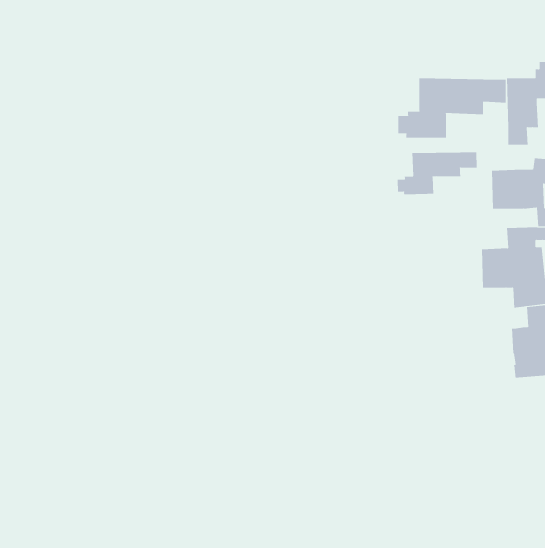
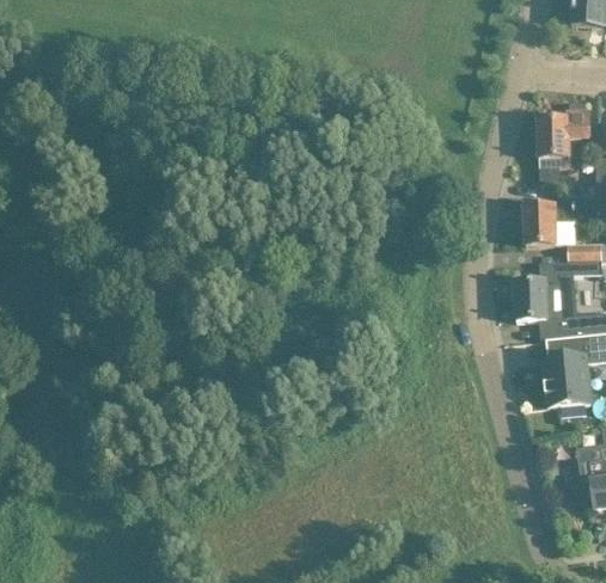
building: [398,78,506,138] -> none
building: [397,151,477,195] -> none

